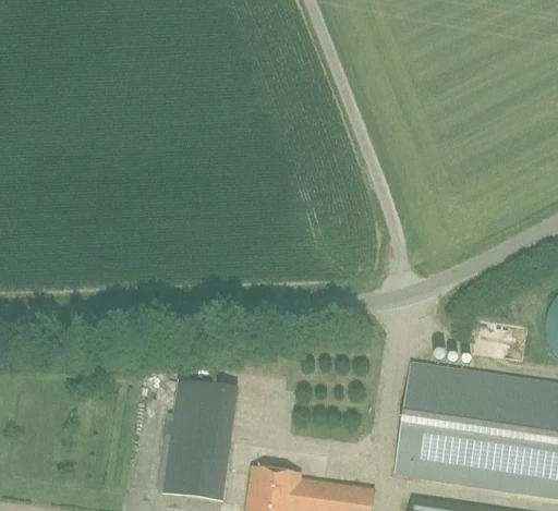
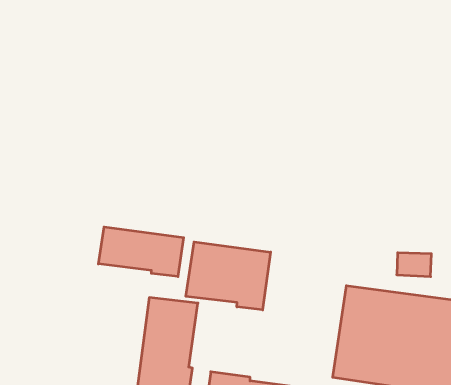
building: none -> [98,227,184,277]
building: none -> [186,242,271,310]

